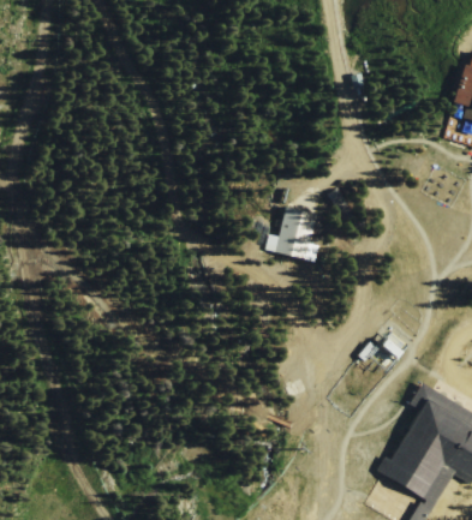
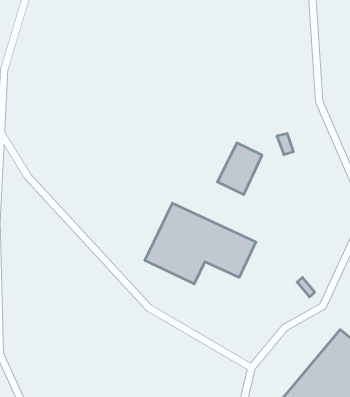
building: none -> [145,203,256,284]

